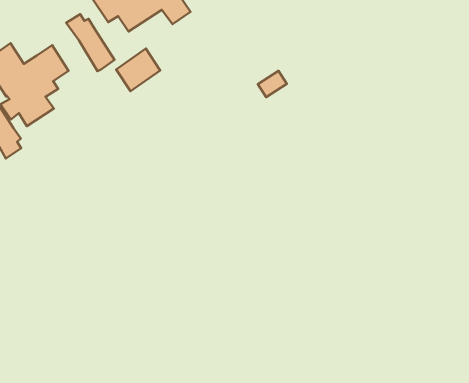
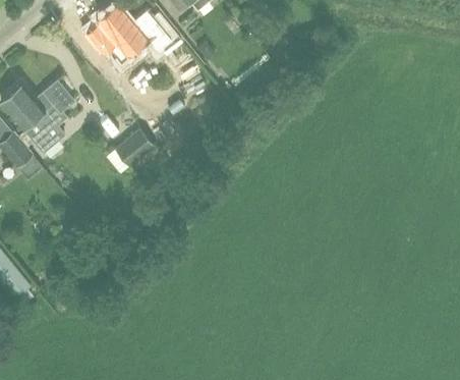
building: [66,14,115,71] -> none
building: [116,49,160,91] -> [115,128,153,166]

